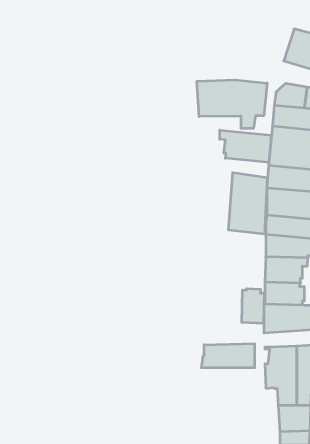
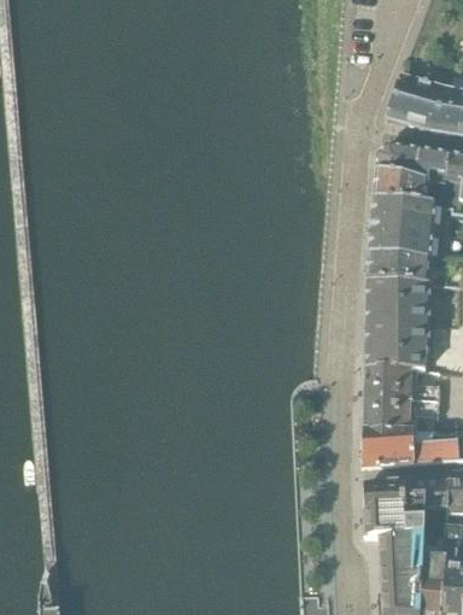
building: [197,80,267,128] -> none
building: [220,130,271,163] -> none
building: [229,173,267,234] -> none
building: [242,289,264,323] -> none
building: [201,344,255,368] -> none

